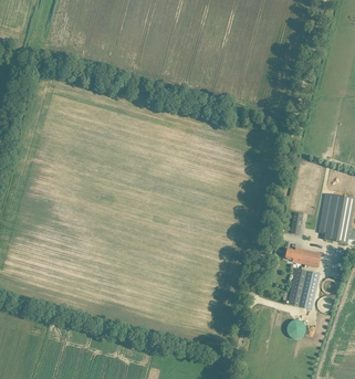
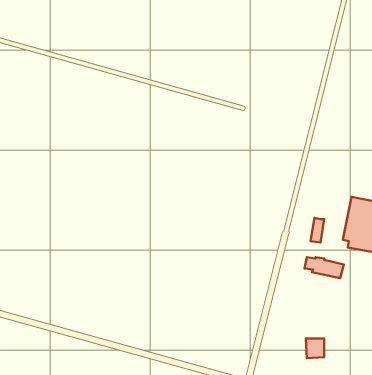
building: [286,269,319,309] -> none

